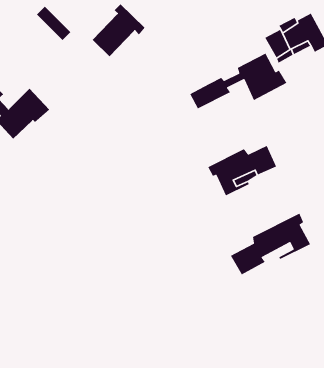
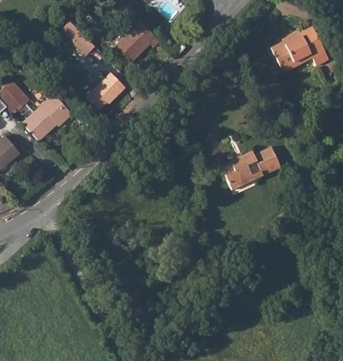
building: [189,52,288,109] -> none
building: none -> [87,72,126,109]
building: [230,212,311,276] -> none

